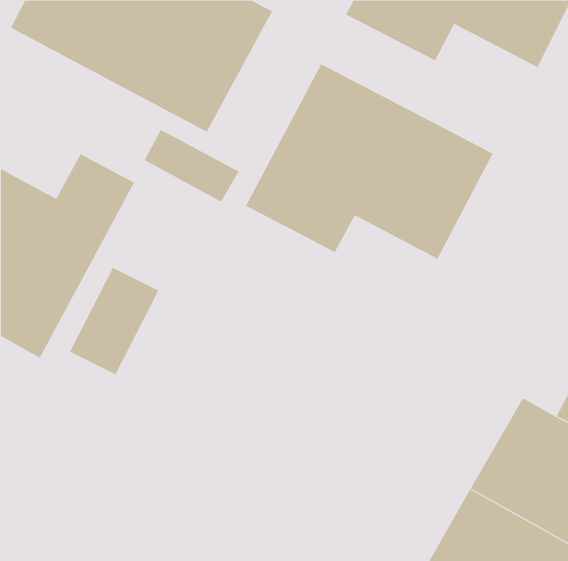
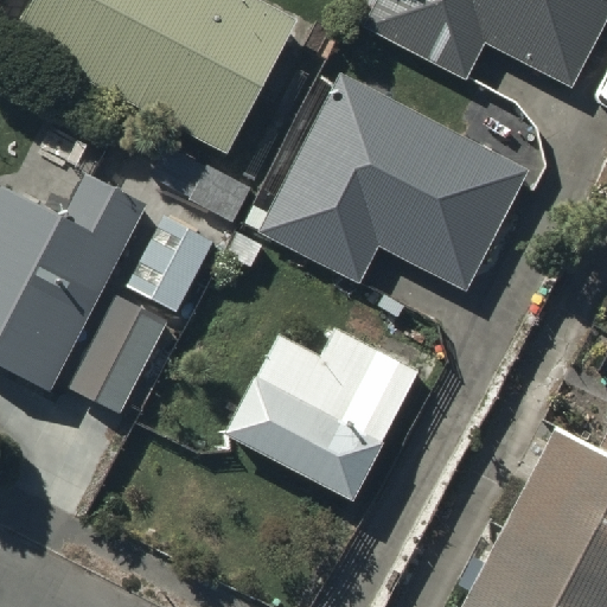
building: none -> [230,327,415,494]

